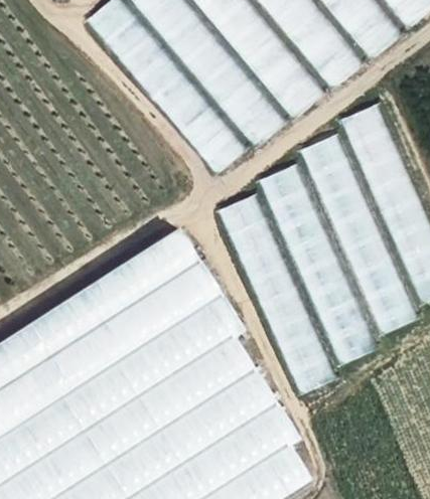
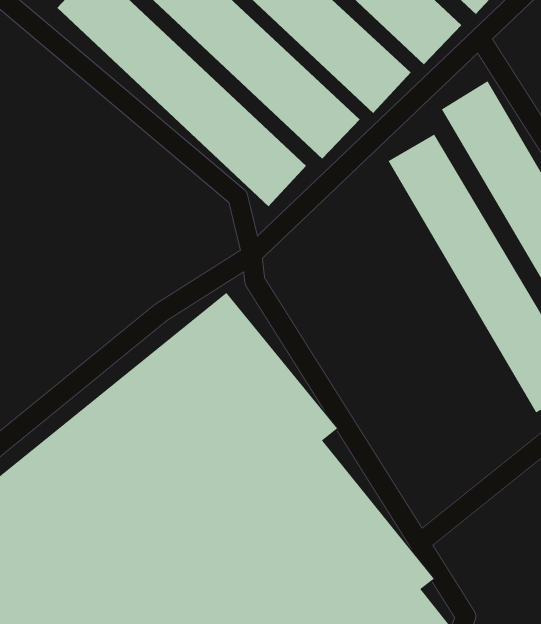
building: [260,167,377,366] -> none
building: [219,195,335,394] -> none

